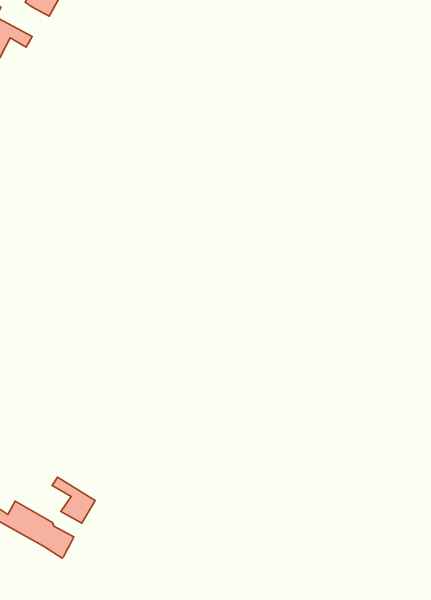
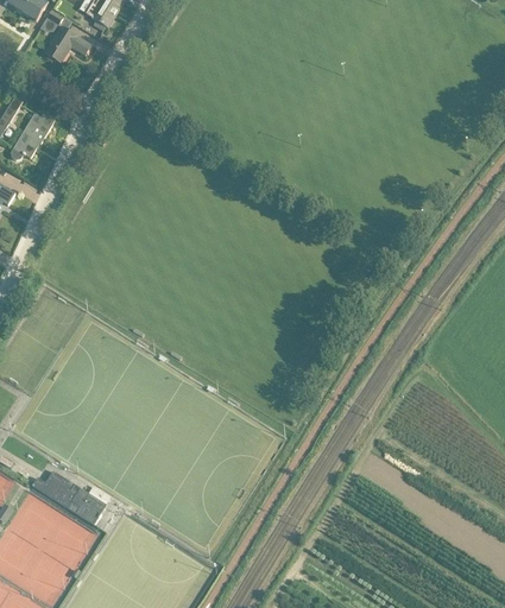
building: [52,477,95,523] -> none

